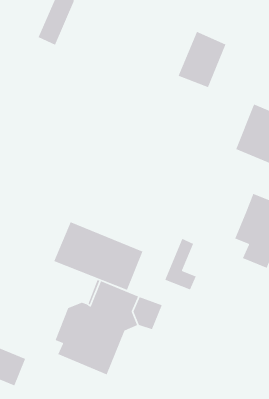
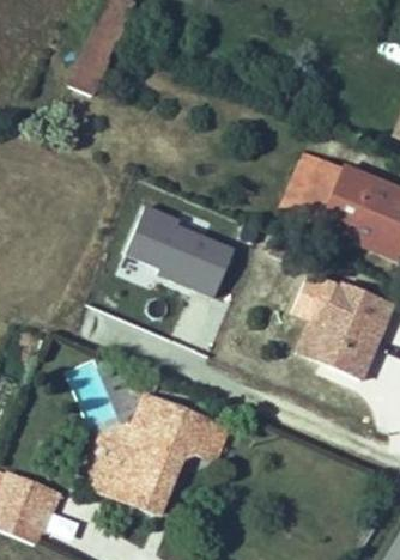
building: [178,31,227,88] -> [281,153,344,226]
building: [53,221,143,291] -> [121,203,236,292]
building: [164,238,197,290] -> [296,298,338,365]

